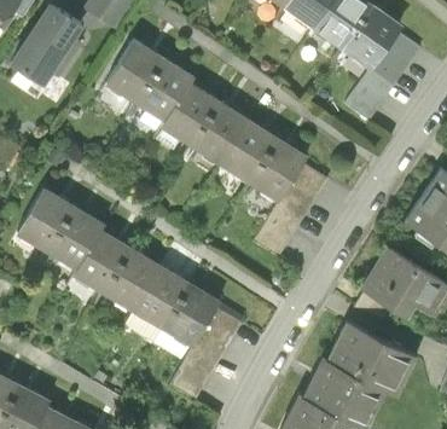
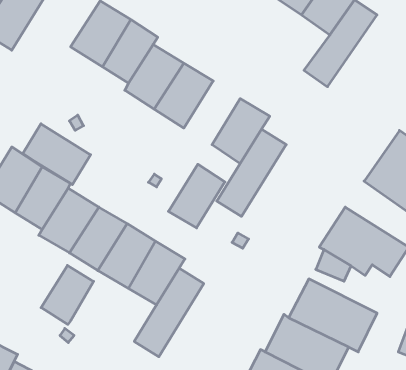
building: [219,117,277,182] -> [168,164,225,228]
building: none -> [23,124,91,185]
building: none -> [41,265,94,324]

